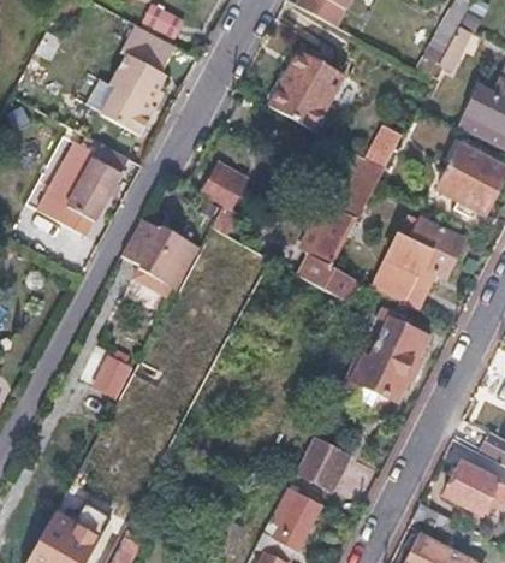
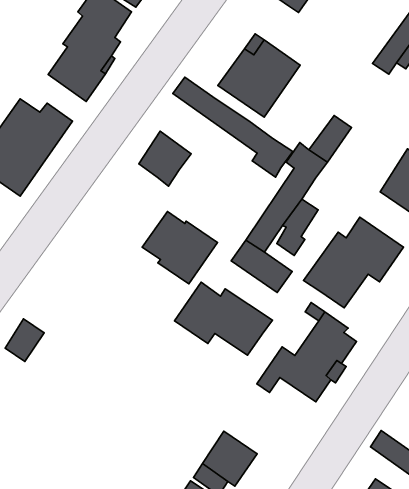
building: none -> [173,77,293,177]
building: [124,219,196,286] -> [142,212,218,284]
building: none -> [175,282,272,355]

